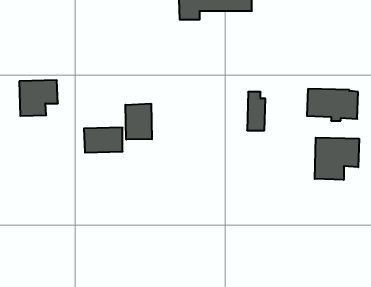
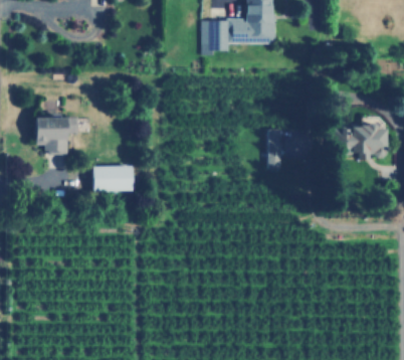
building: [125,104,152,140] -> none
building: [315,138,359,180] -> none

